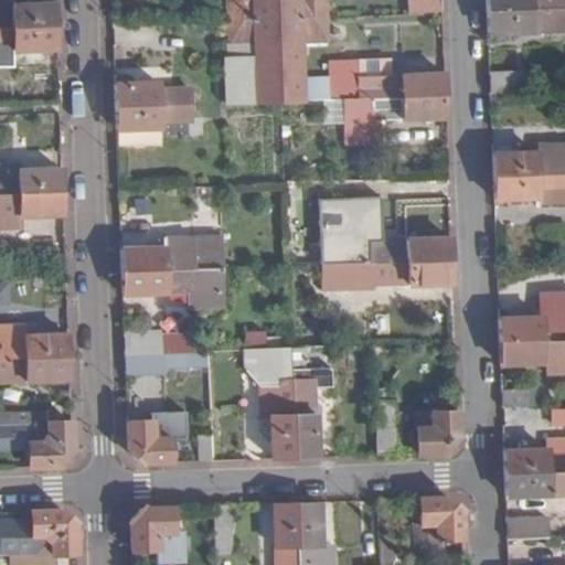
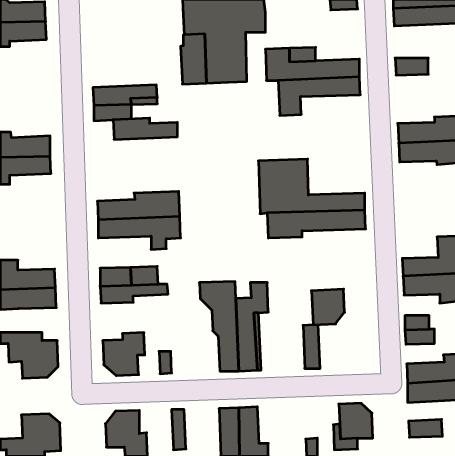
building: [116,82,195,108] -> [113,118,177,139]
building: [418,411,459,455] -> [311,289,345,325]

